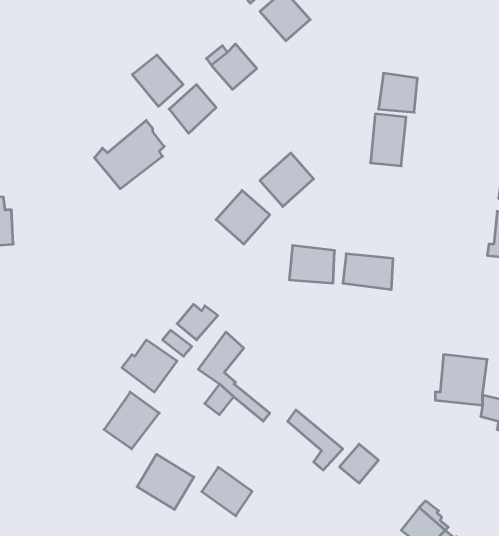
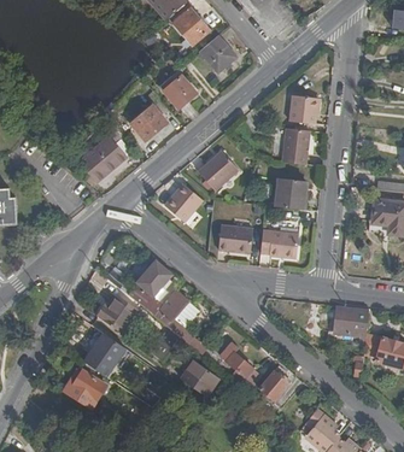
building: [132,55,183,106] -> none
building: none -> [277,178,304,210]
building: [137,454,194,510] -> [63,368,105,409]
building: [202,467,252,516] -> [180,359,217,395]

